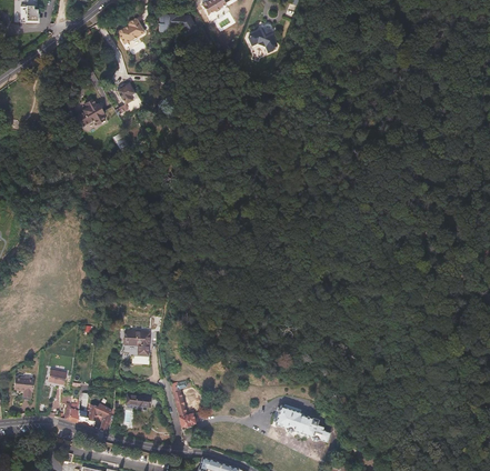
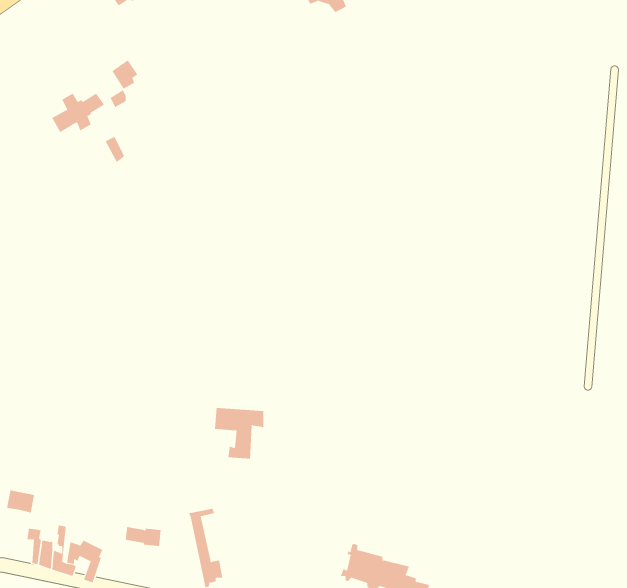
building: [123,329,157,363] -> [214,407,264,459]

